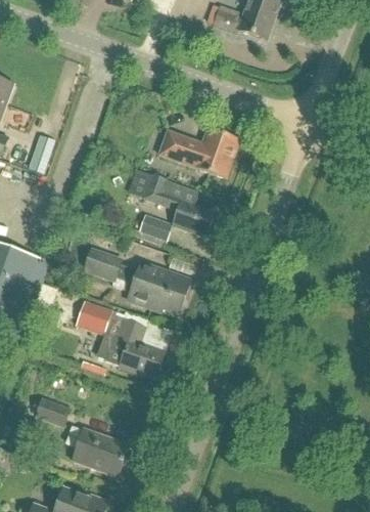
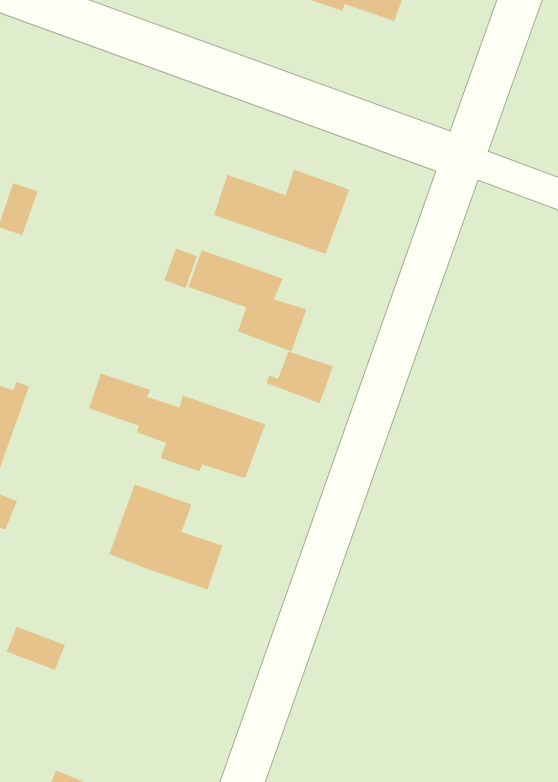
building: [131,213,172,245] -> [265,351,334,404]
building: [64,298,112,333] -> none
building: [73,427,129,475] -> none

